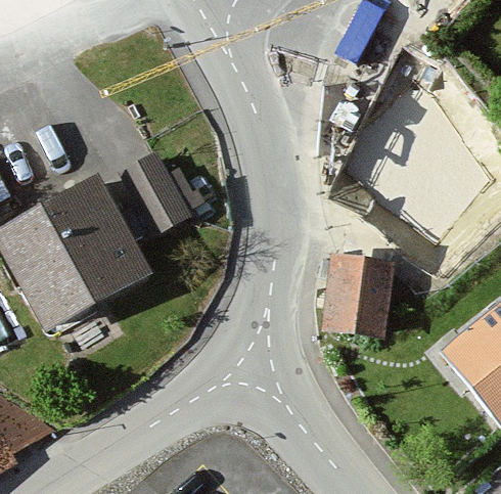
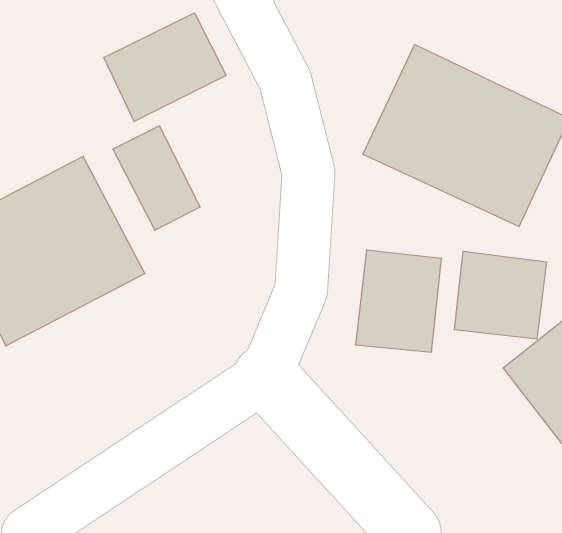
building: none -> [104,13,226,122]
building: none -> [454,251,547,339]

